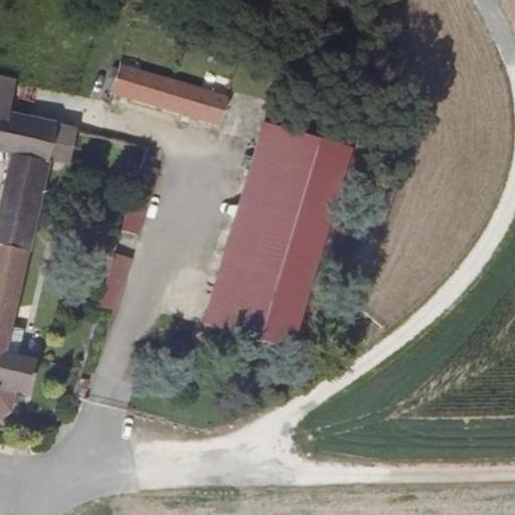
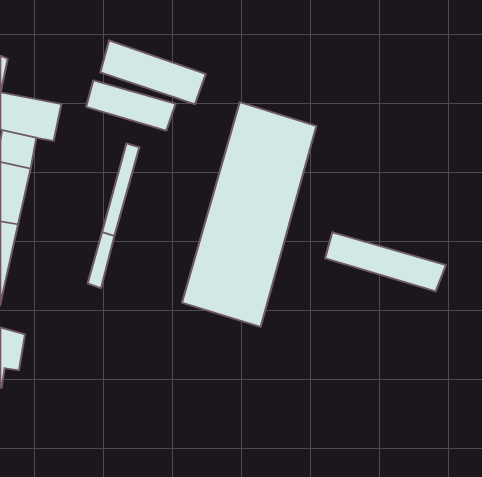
building: none -> [86,80,176,131]
building: none -> [325,232,446,292]

